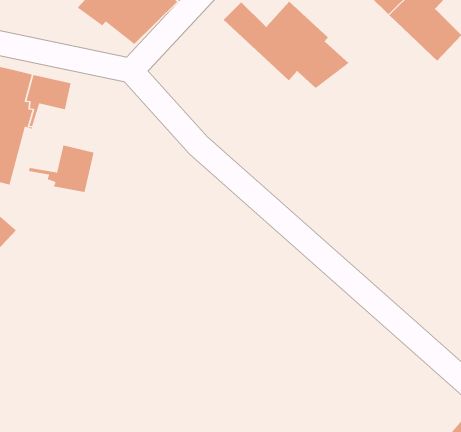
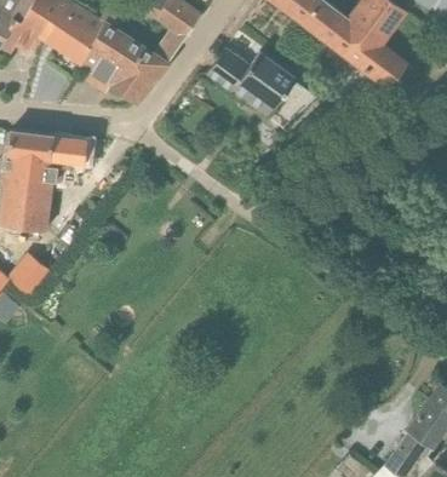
building: [28,145,95,193] -> none

